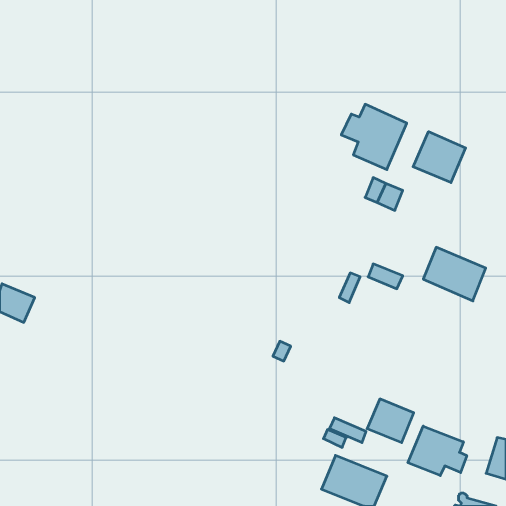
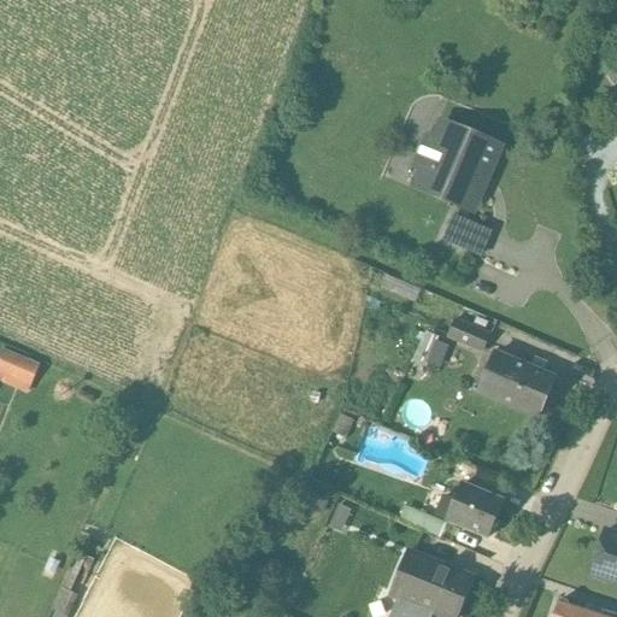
building: [413,132,466,183] -> none
building: [423,247,486,301] -> [478,353,554,418]
building: [408,426,467,476] -> none

